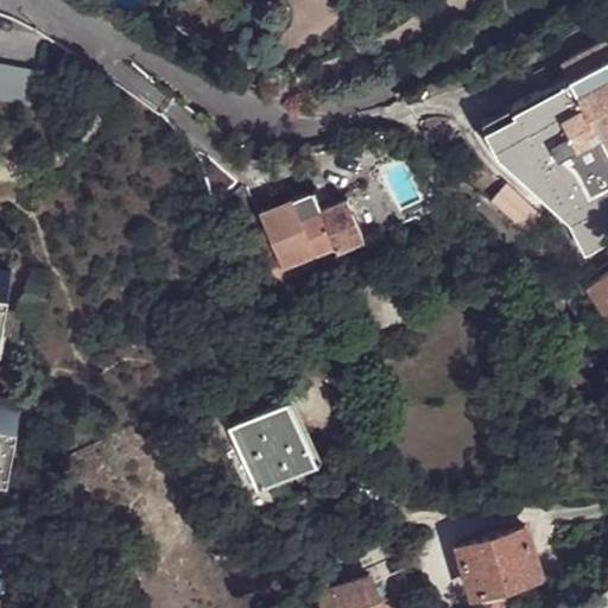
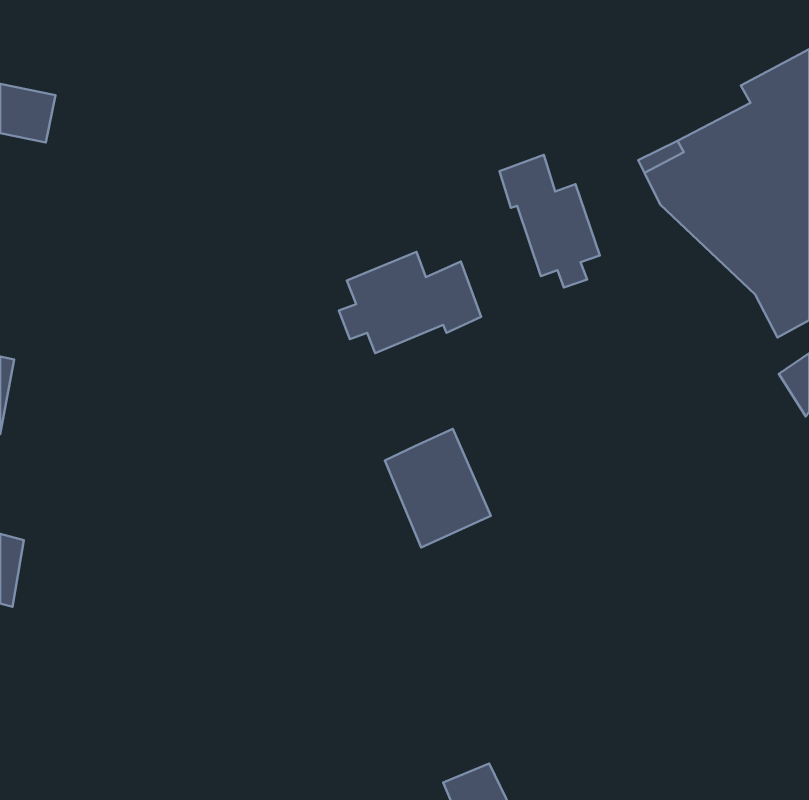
building: none -> [500,155,600,288]
building: [236,404,316,493] -> [385,429,491,548]
building: [460,531,542,598] -> none

